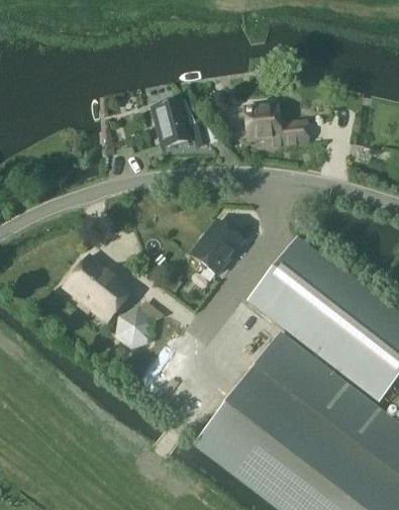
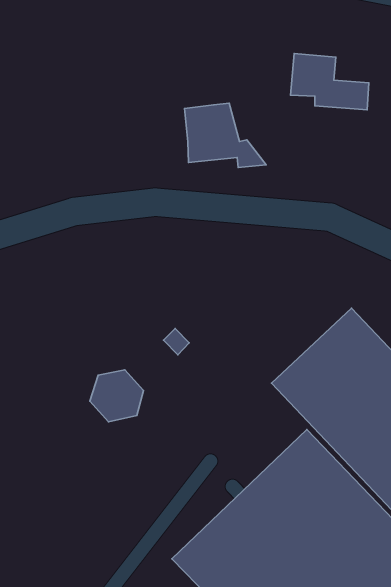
building: [246,108,307,146] -> [290,53,369,110]
building: [192,222,242,275] -> none
building: [64,257,132,322] -> none

